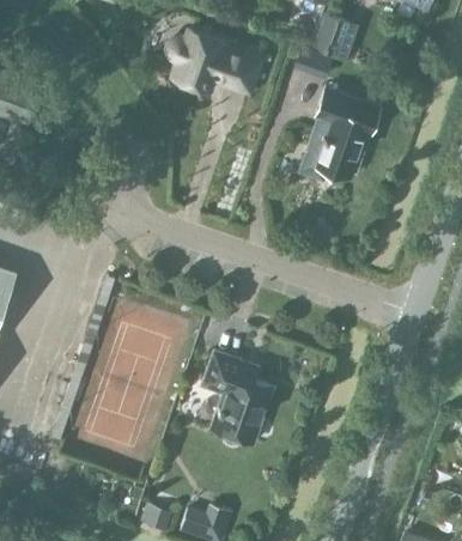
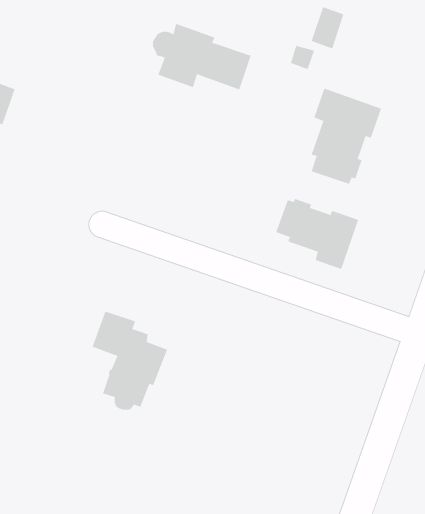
building: none -> [276,198,359,270]
building: [203,352,274,444] -> [92,311,168,410]

